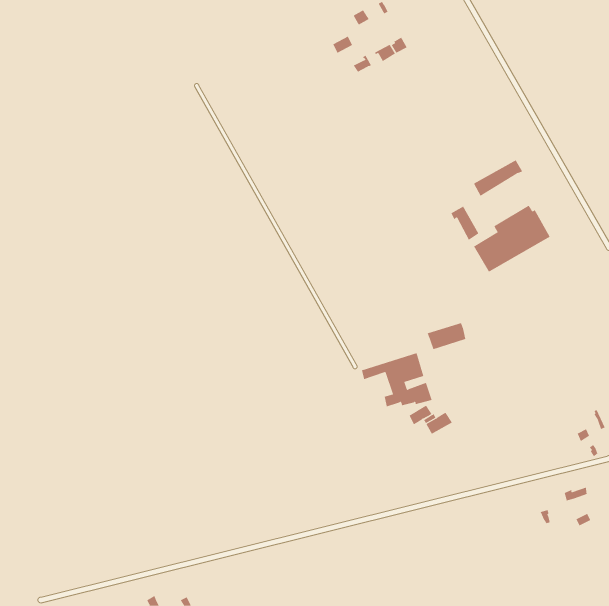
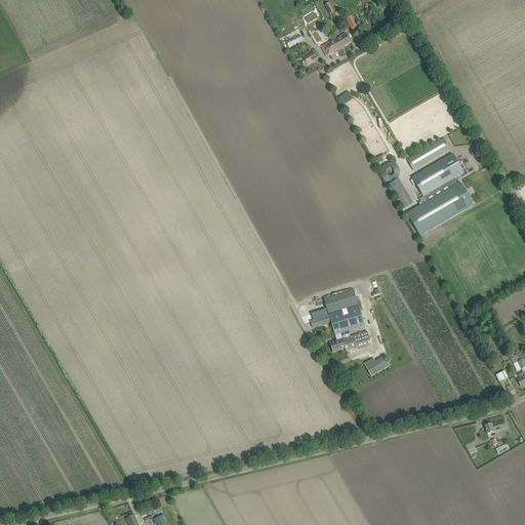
building: none -> [412,153,463,195]
building: [427,322,466,350] -> [324,288,358,312]

